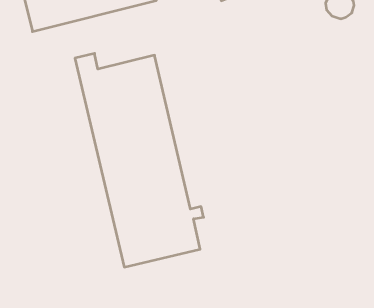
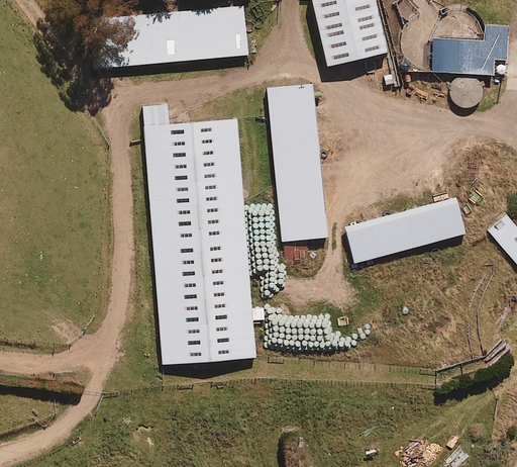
building: none -> [265,84,326,242]
building: none -> [344,198,464,263]

